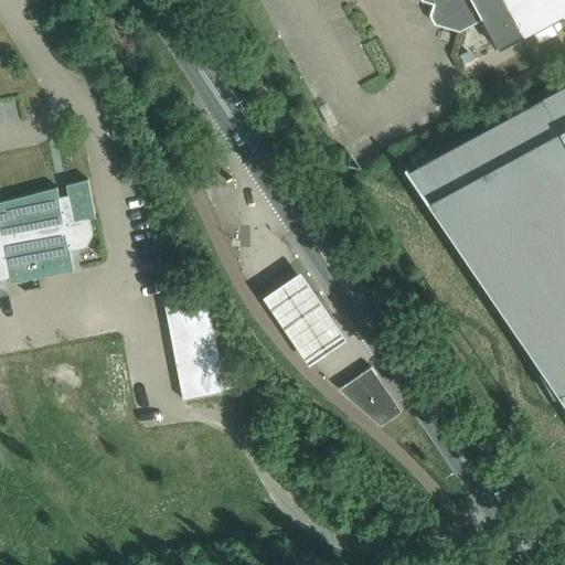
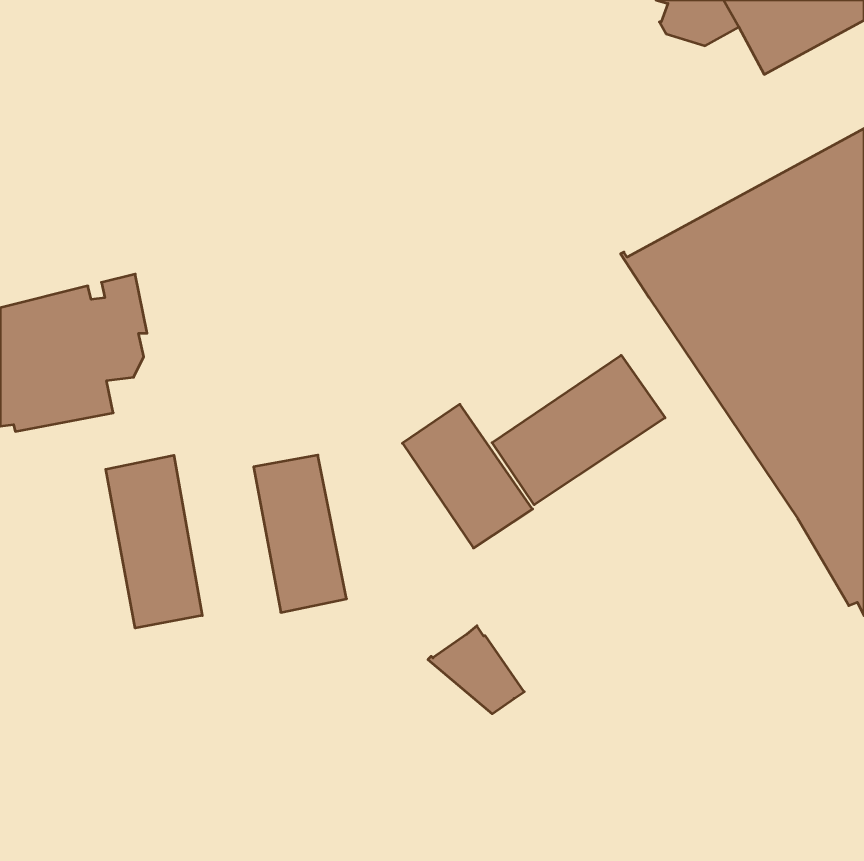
building: none -> [492,355,665,505]
building: none -> [106,455,202,628]
building: [339,369,402,426] -> [428,626,524,714]

